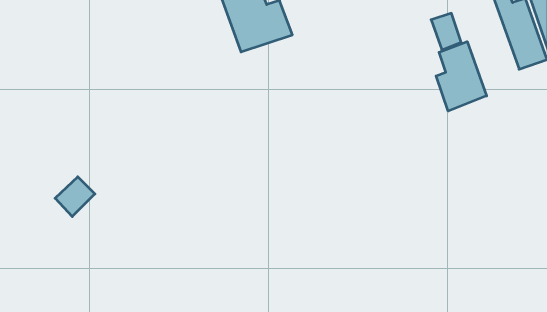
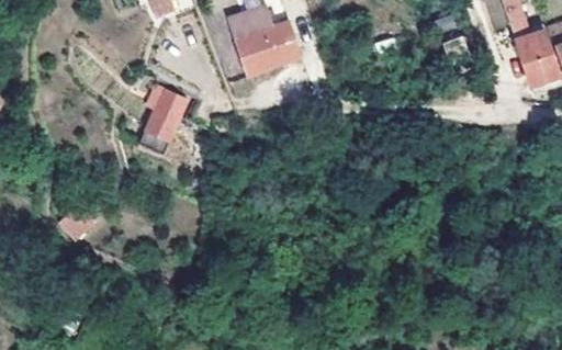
building: [436,42,487,111] -> none
building: none -> [145,90,188,138]

